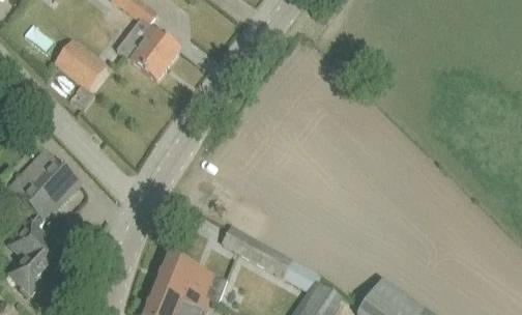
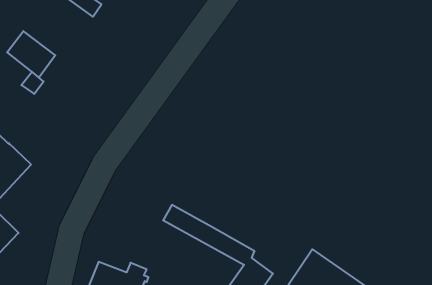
building: [117,28,180,81] -> none
building: [153,255,227,300] -> none

